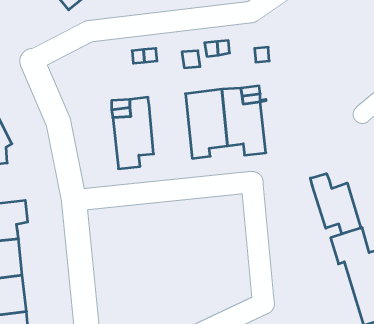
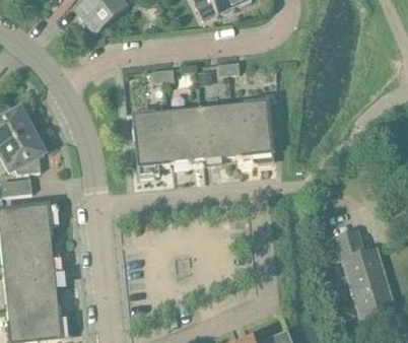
building: none -> [166,109,206,167]
building: [310,174,361,234] -> none

